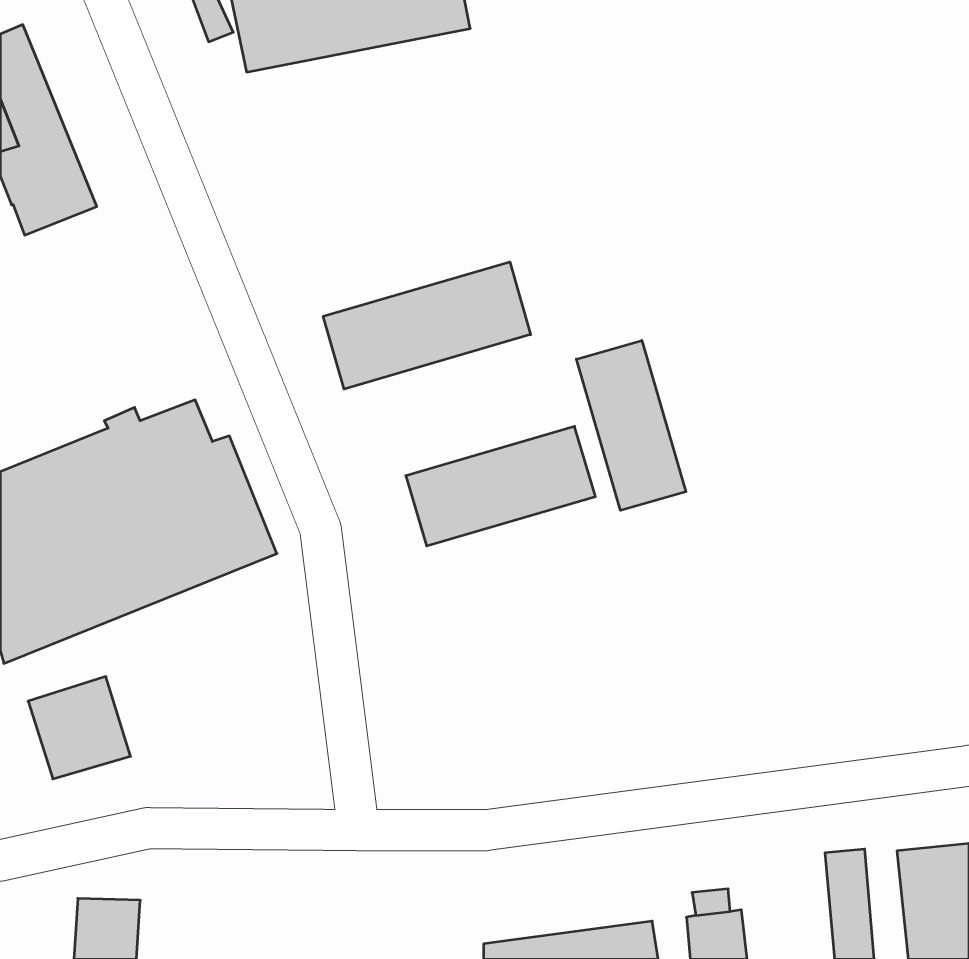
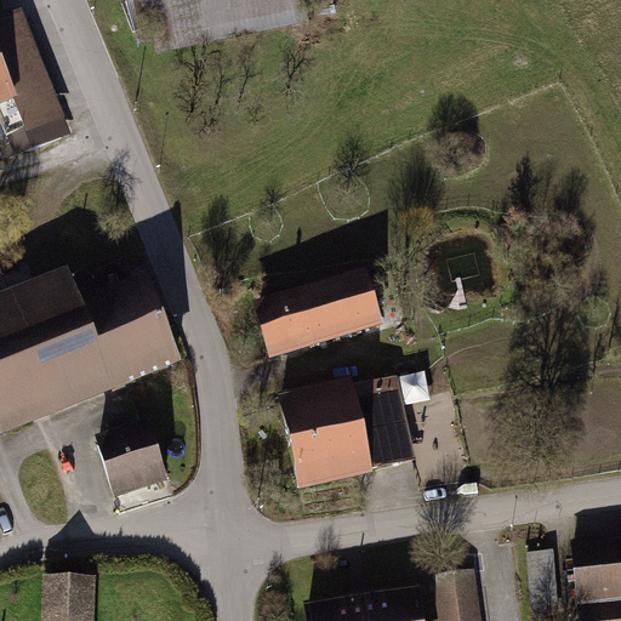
building: [323,262,531,389] -> none
building: [576,340,686,510] -> none
building: none -> [280,377,409,482]
building: [28,677,131,779] -> [99,425,165,490]

